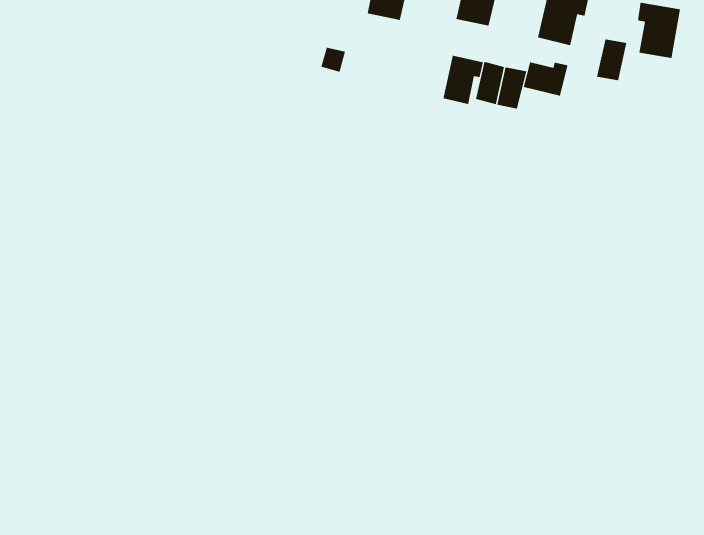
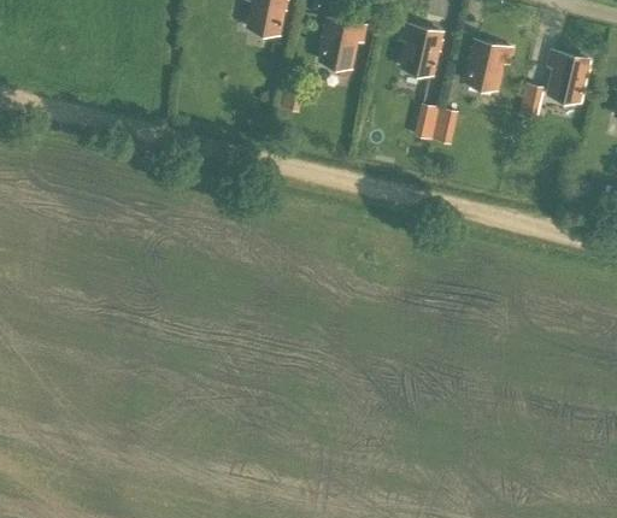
building: [443,55,484,105] -> none
building: [523,61,568,97] -> none

